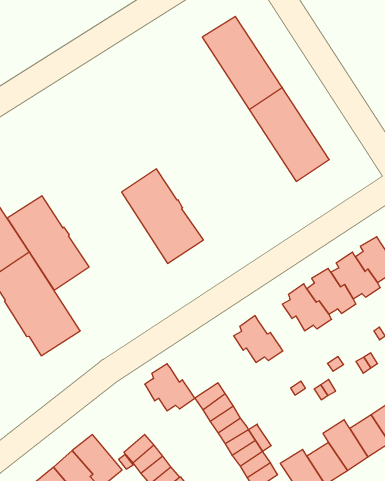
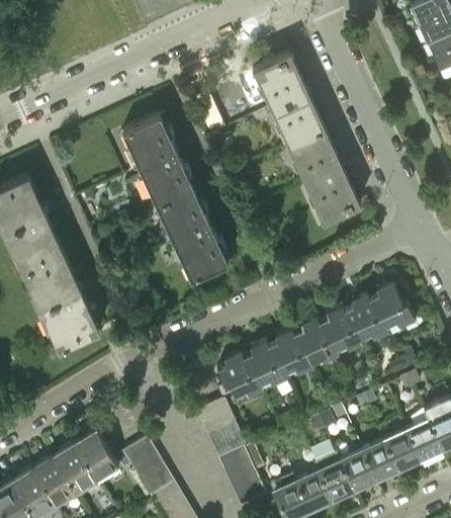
building: [7,196,89,290] -> [122,115,193,206]
building: none -> [268,331,312,375]
building: [145,364,195,411] -> [216,354,262,399]

